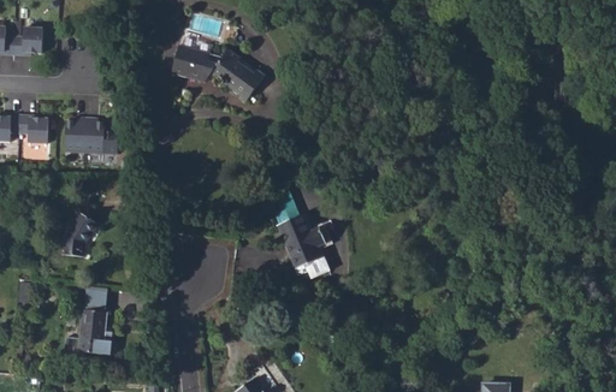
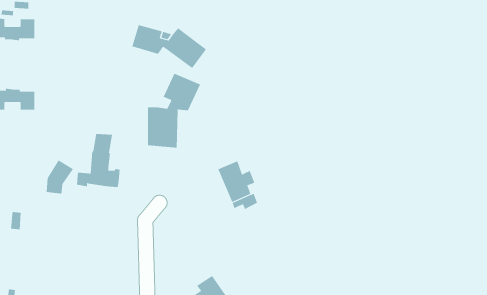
building: none -> [147,73,201,149]
building: [69,125,107,160] -> none
building: [64,287,119,355] -> [76,134,121,188]

